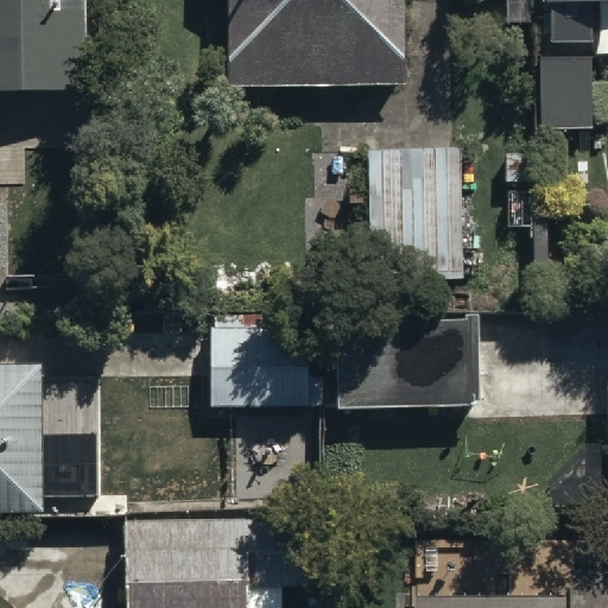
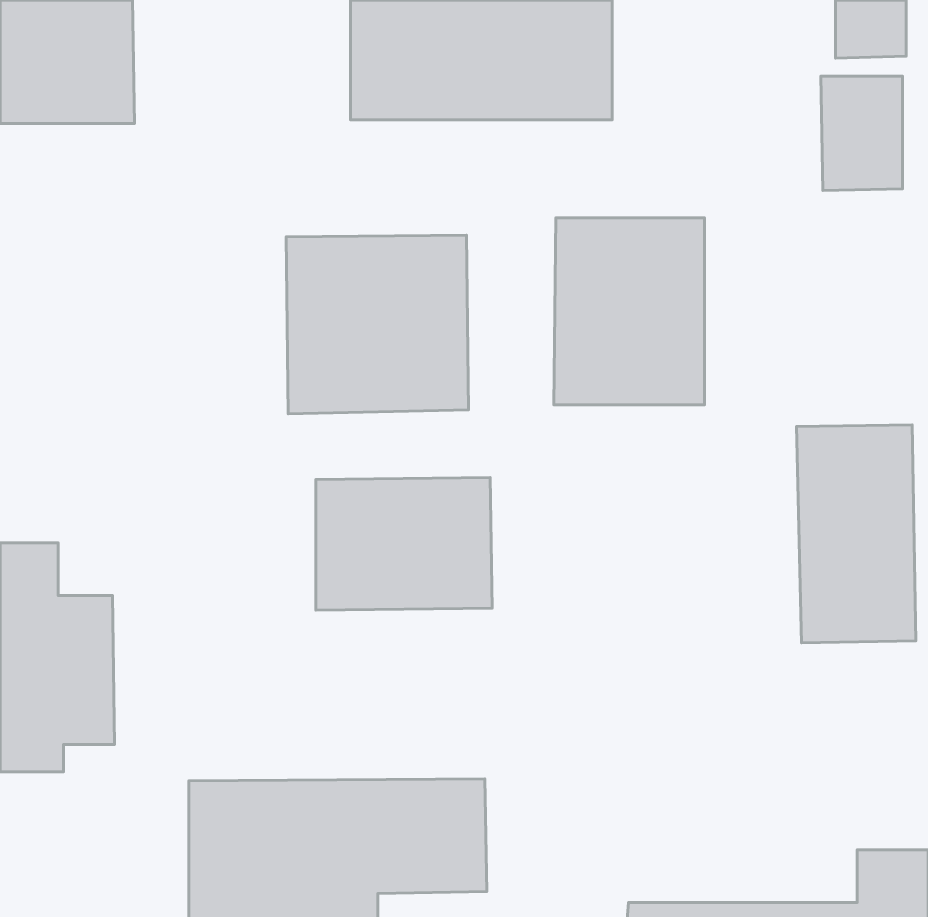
building: none -> [286,235,468,414]
building: none -> [797,425,916,643]
building: [335,317,477,405] -> none

